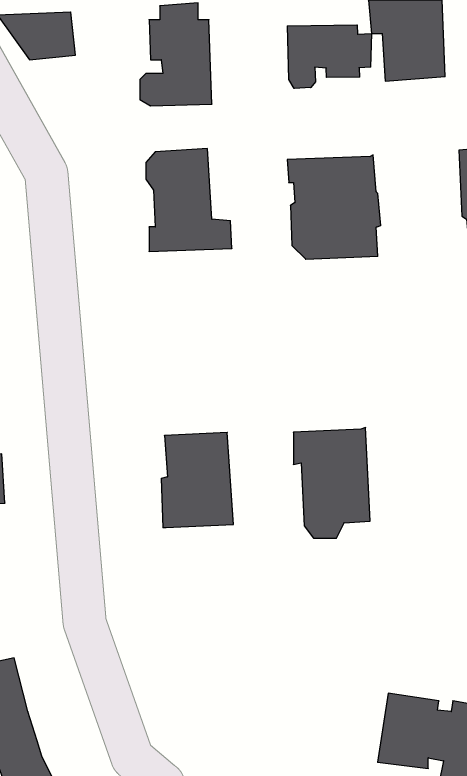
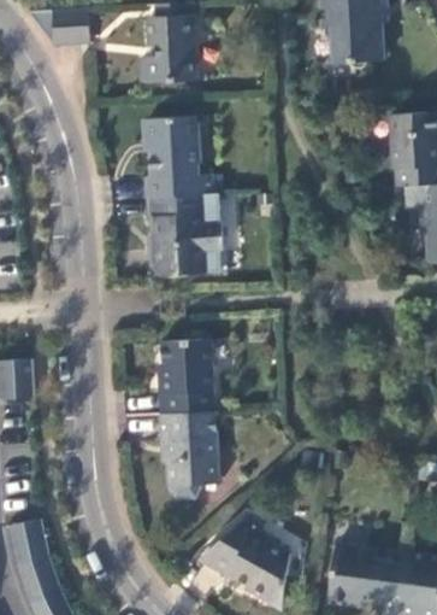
building: [287,25,371,88] -> none
building: [287,155,381,259] -> [147,194,220,276]
building: [293,428,370,538] -> [160,411,220,498]
building: none -> [202,521,287,602]

